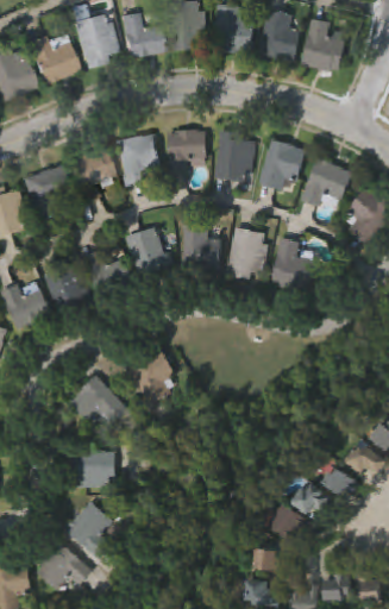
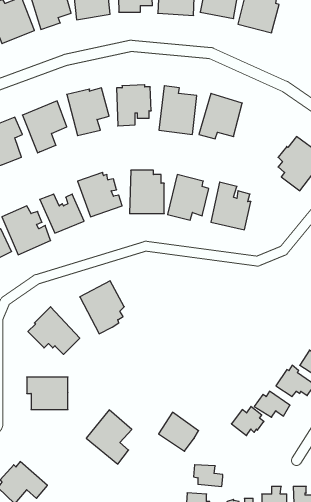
building: [300,158,352,208] -> none
building: [64,500,114,559] -> [86,410,132,464]
building: [265,502,309,545] -> [159,412,199,451]

